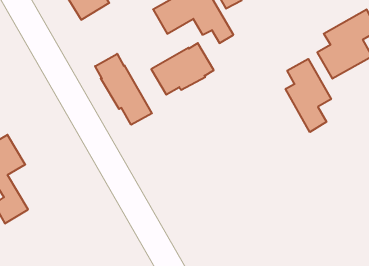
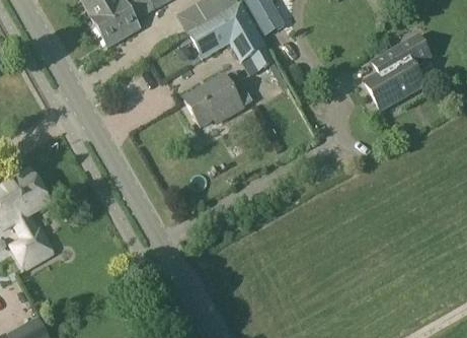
building: [95,54,152,125] -> none
building: [286,59,331,132] -> none

